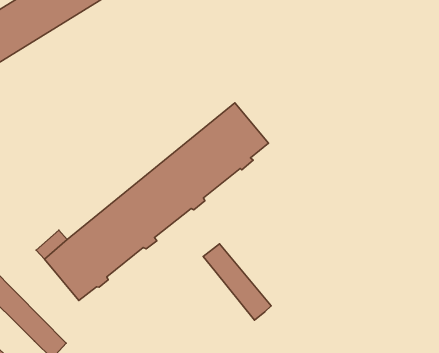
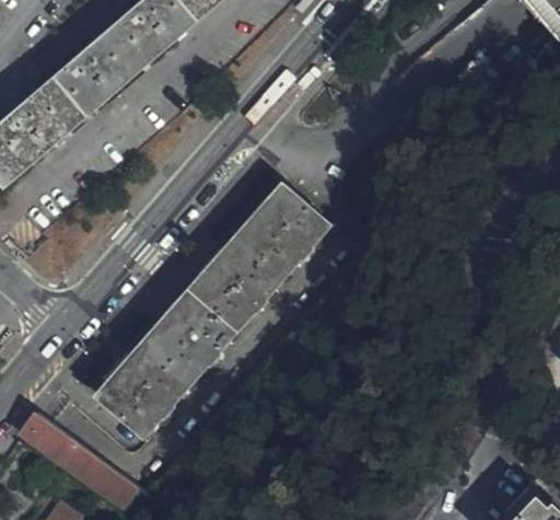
building: [203,244,271,320] -> none

